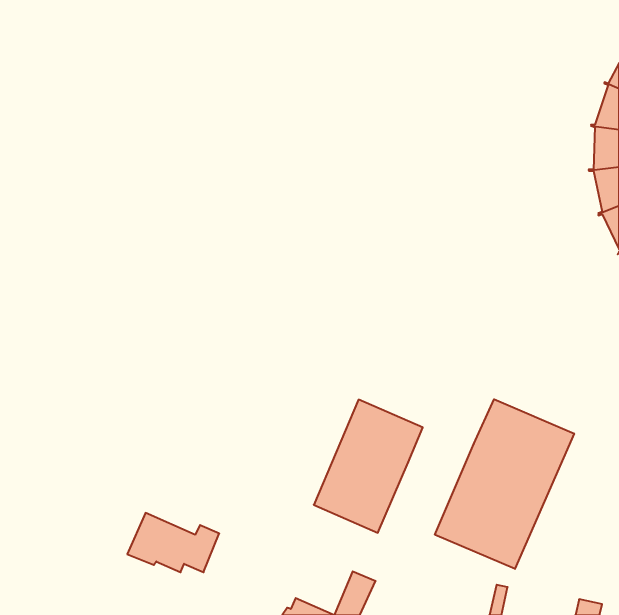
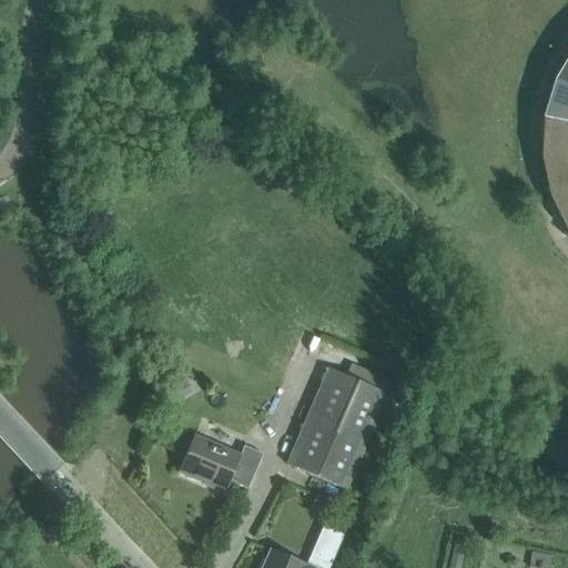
building: [435,399,574,569] -> none
building: [127,513,219,572] -> [178,433,262,487]

